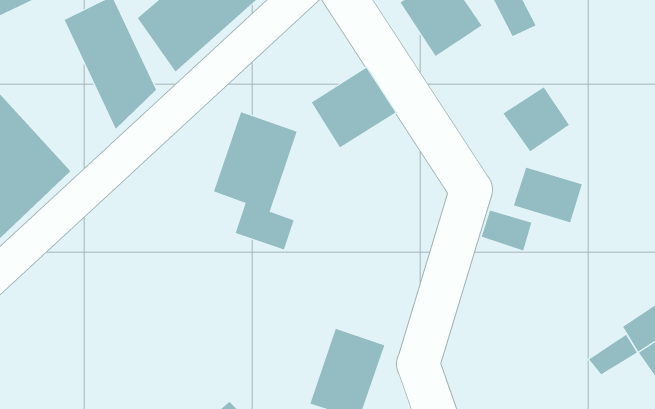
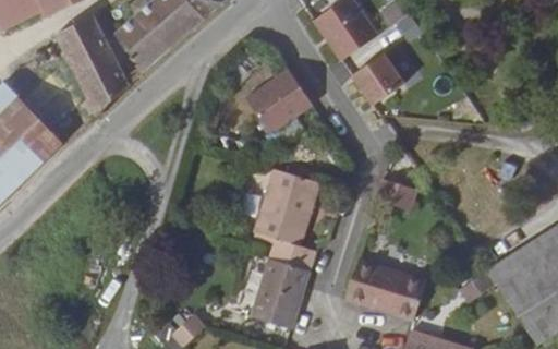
building: [503,86,570,152] -> [353,52,404,103]
building: [213,112,298,250] -> [250,173,314,279]
building: [513,167,582,223] -> none
building: none -> [343,258,425,321]

